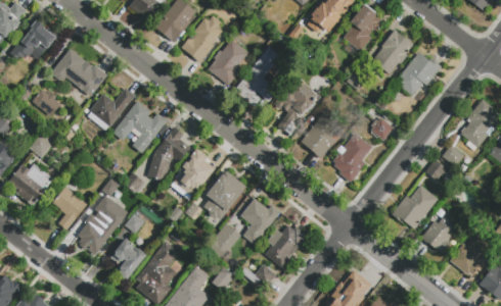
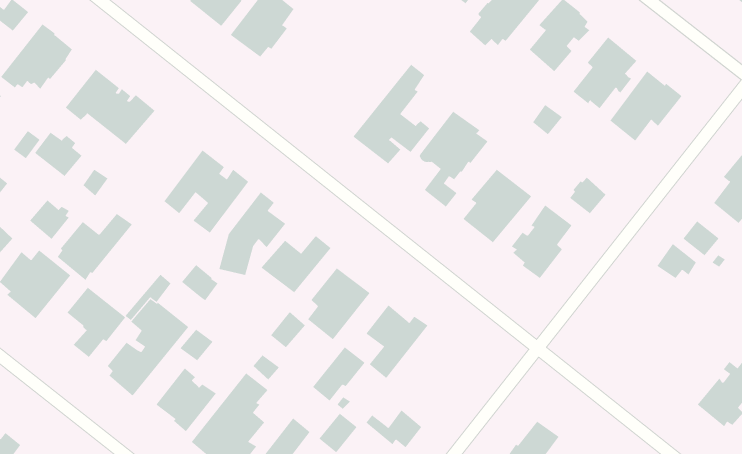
building: [181,15,222,63] -> none
building: [207,39,248,86] -> none
building: [87,88,135,131] -> [57,213,133,281]
building: [391,185,438,228] -> none
building: [421,210,465,252] -> none
building: [264,224,308,267] -> none

